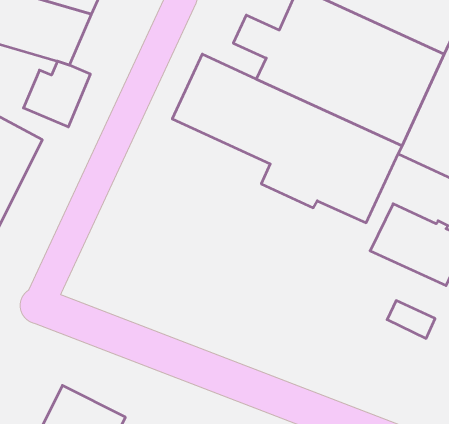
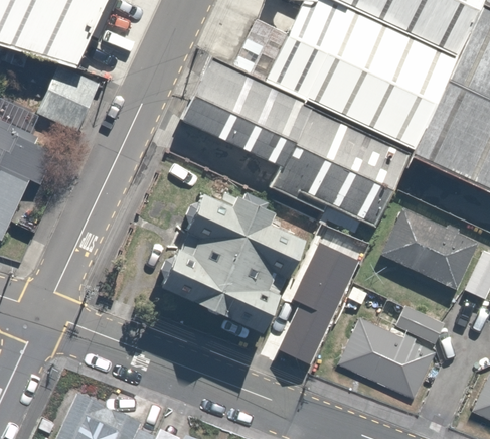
building: none -> [158,192,302,335]
building: none -> [285,243,362,376]
building: none -> [336,315,434,398]

